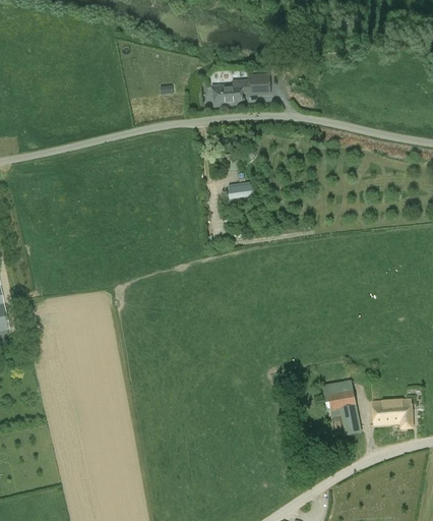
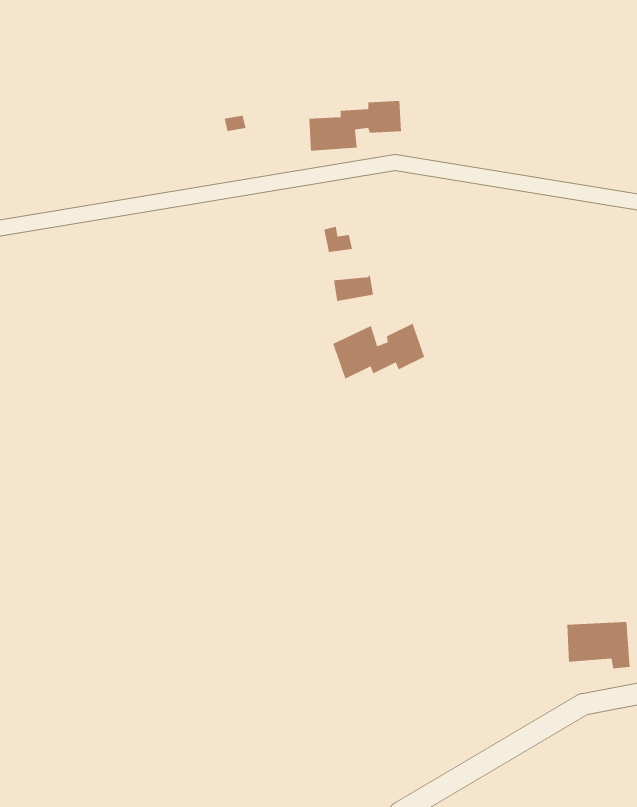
building: none -> [332,323,425,379]
building: [324,380,362,436] -> none

